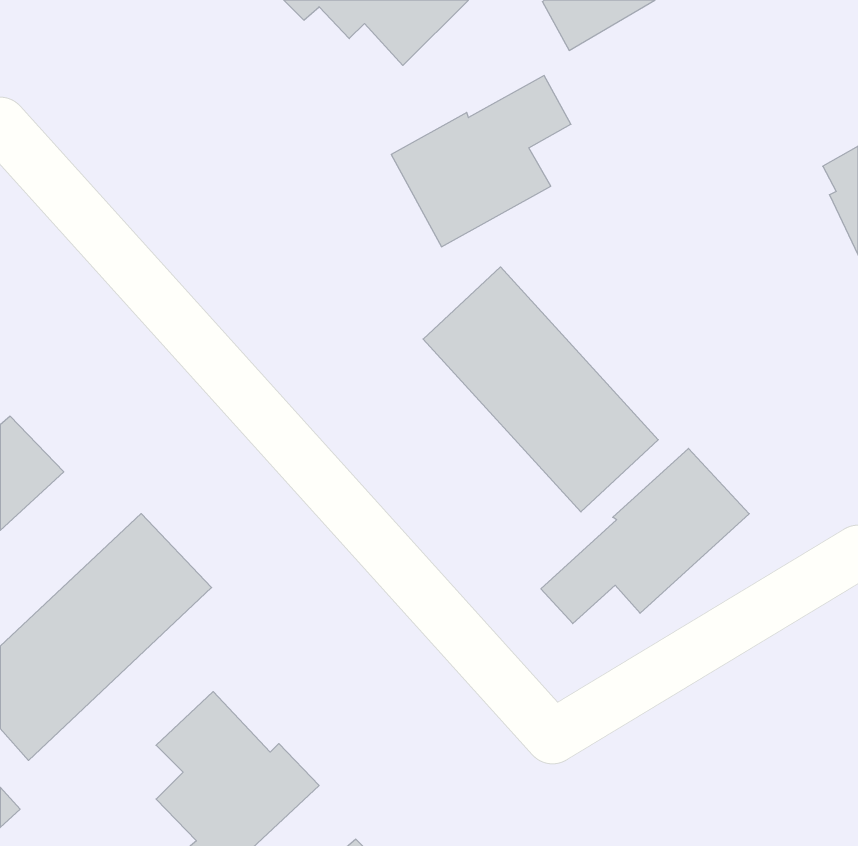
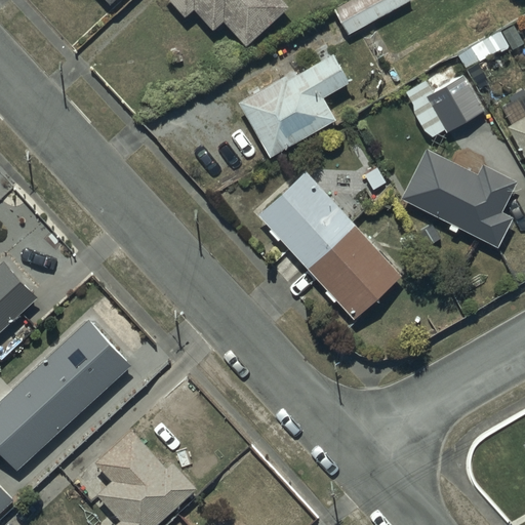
building: none -> [406,66,486,138]
building: none -> [400,147,518,248]
building: [541,448,749,624] -> none

